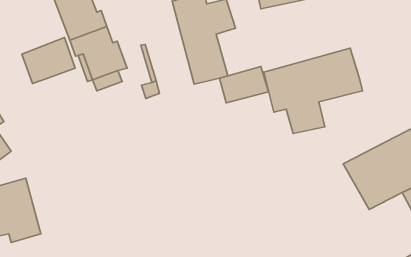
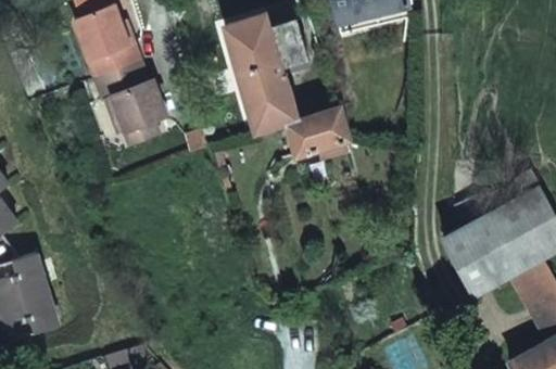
building: [22,38,75,83] -> none
building: [264,48,363,134] -> none

